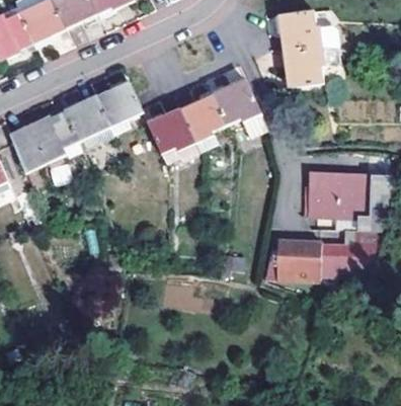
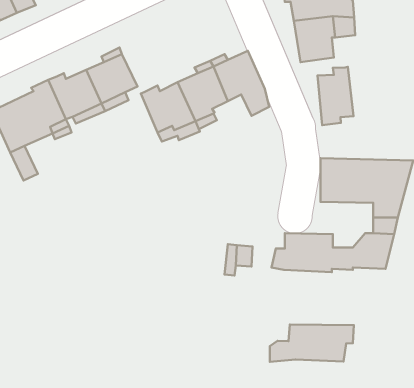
building: none -> [317,67,354,125]
building: none -> [270,324,354,362]

